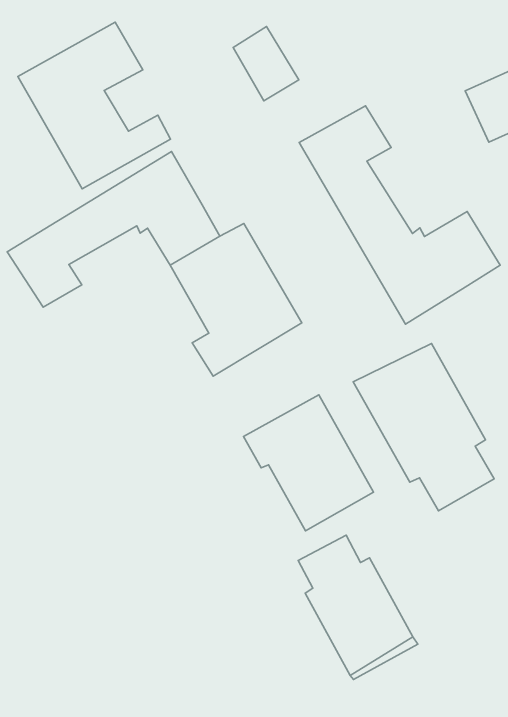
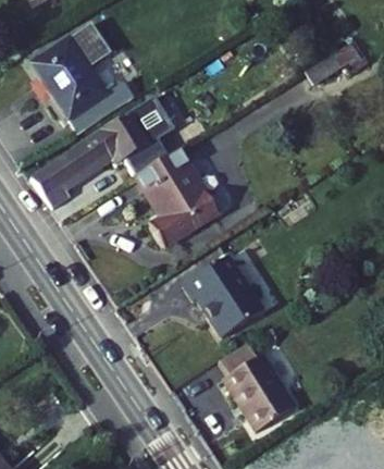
building: [233,26,299,101] -> [128,94,170,139]
building: [299,106,500,324] -> none
building: [353,344,494,511] -> none

